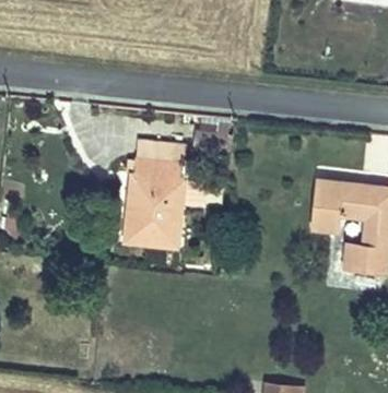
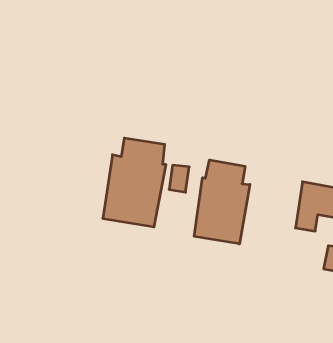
building: none -> [194,160,250,244]

